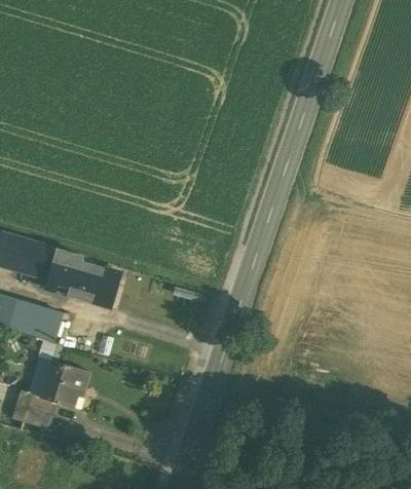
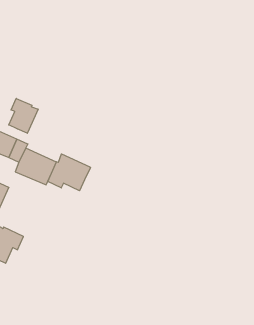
building: none -> [9,98,38,133]
building: none -> [48,154,90,191]

